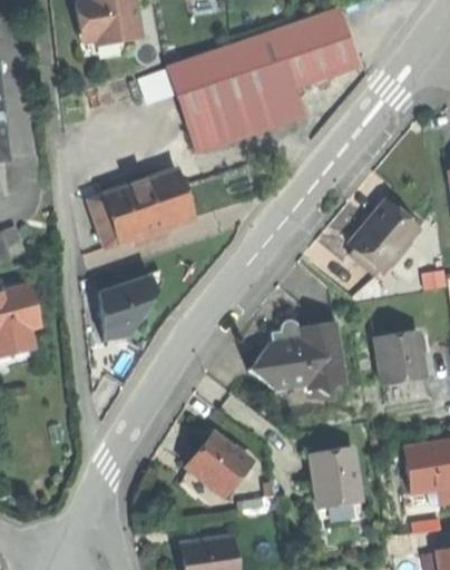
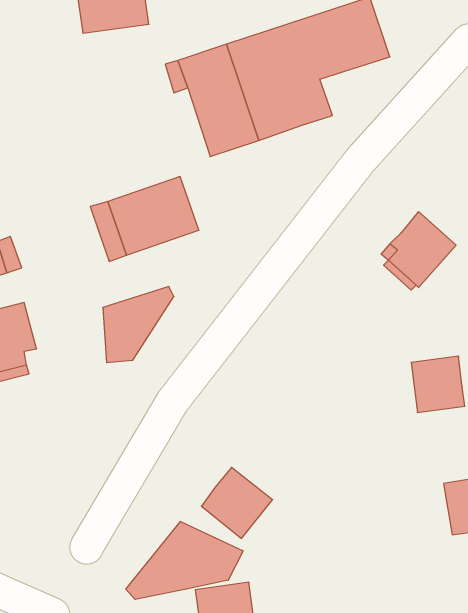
building: [251,322,345,393] -> none
building: [312,444,364,504] -> none
building: none -> [126,521,243,599]

